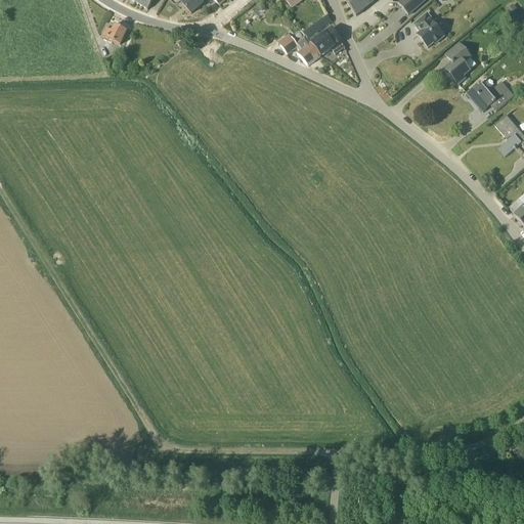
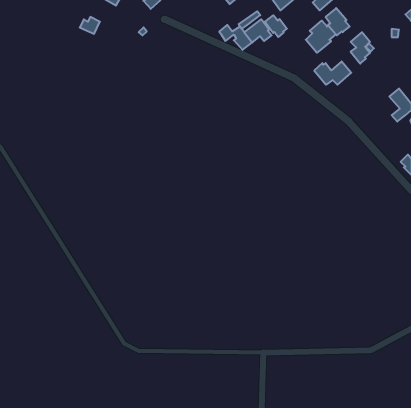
building: none -> [265,15,287,37]
building: none -> [306,21,336,53]
building: [468,80,515,110] -> [314,61,351,85]

